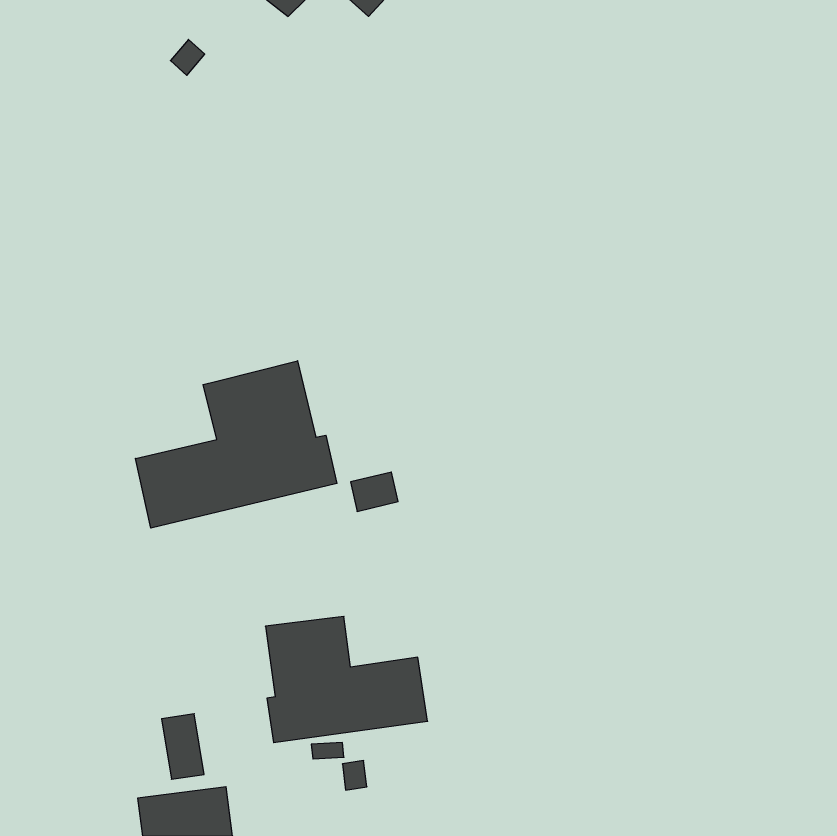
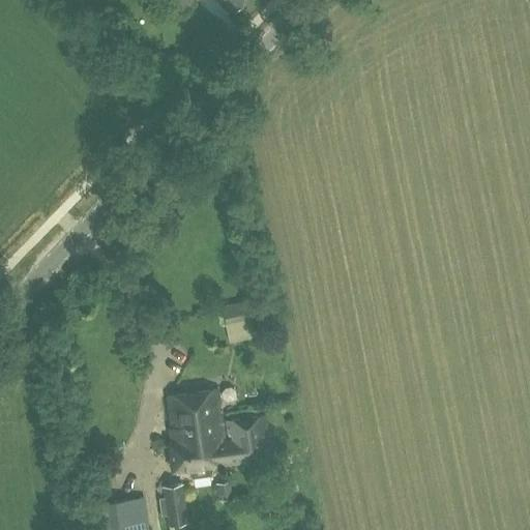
building: [135,361,337,528] -> none
building: [162,714,204,779] -> [161,482,188,524]

